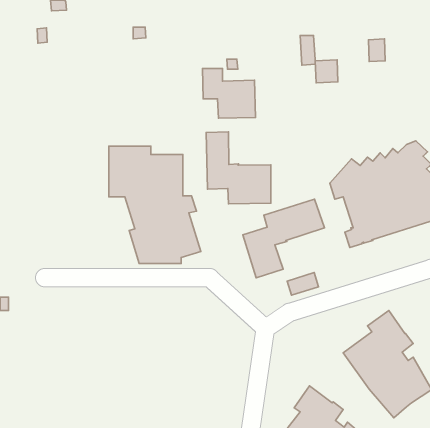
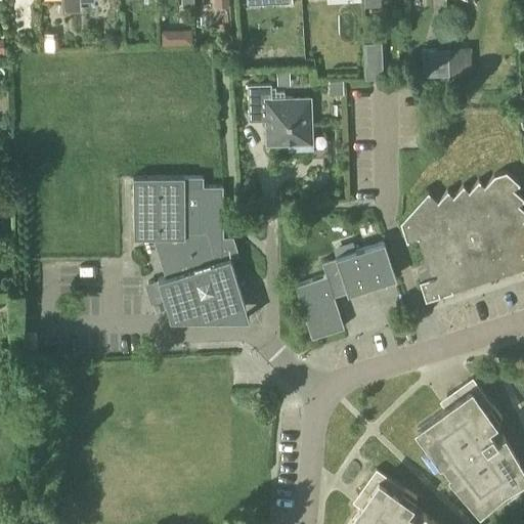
building: [315,60,338,83] -> [422,52,449,80]
building: [206,132,271,204] -> none
building: [287,272,319,295] -> none

